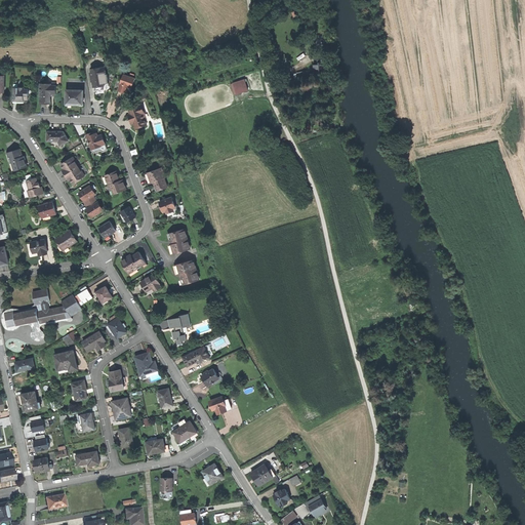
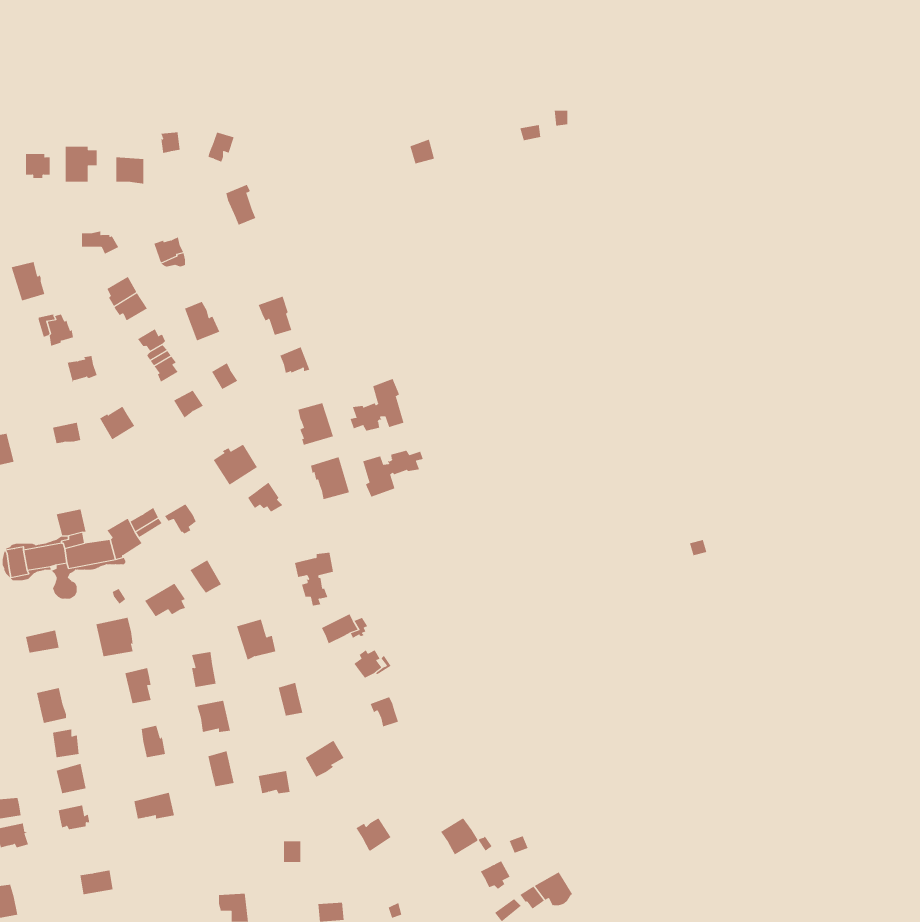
building: none -> [350,378,404,432]
building: none -> [363,450,424,497]

